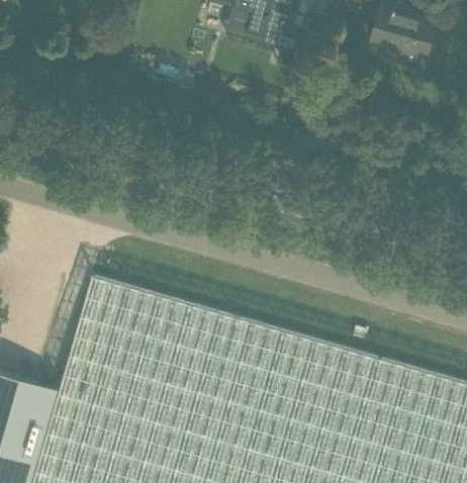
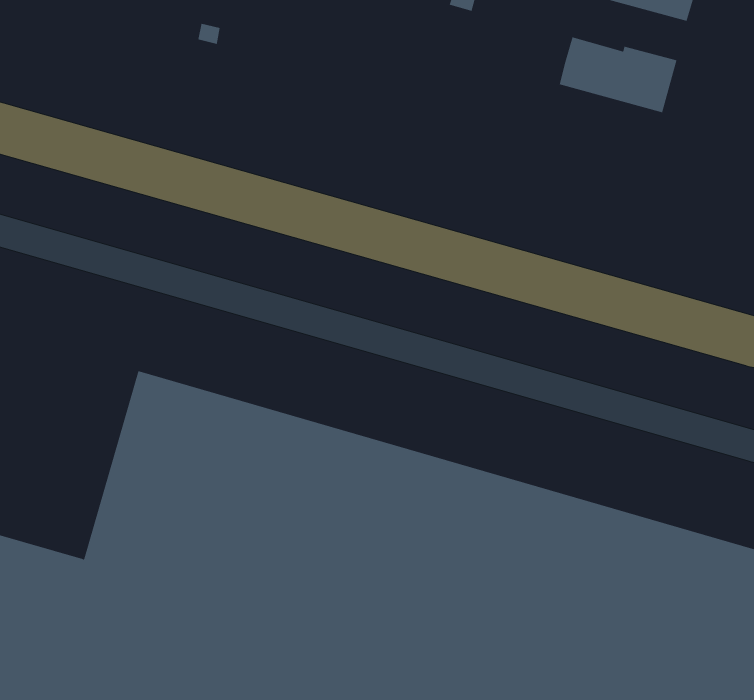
building: none -> [559,37,677,113]

